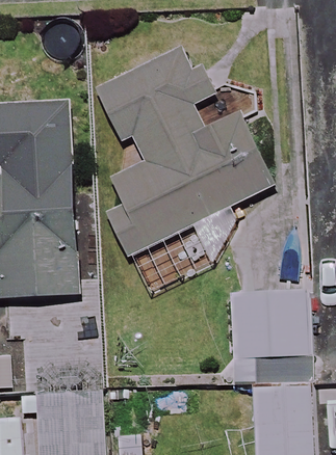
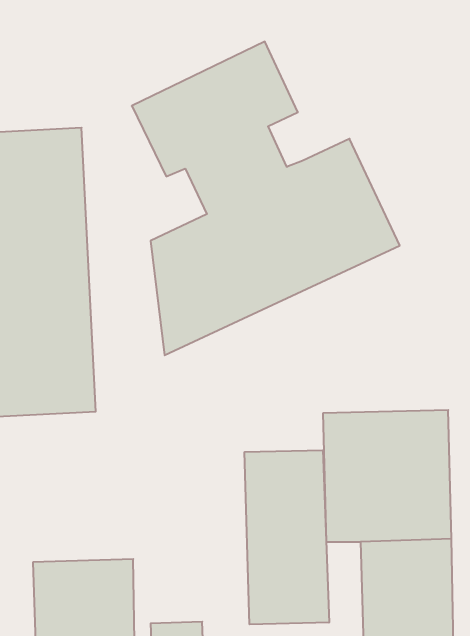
building: none -> [245,450,329,624]

